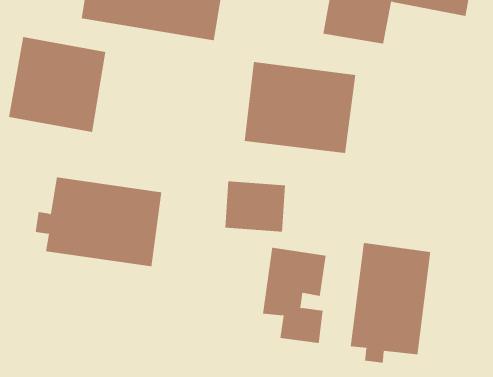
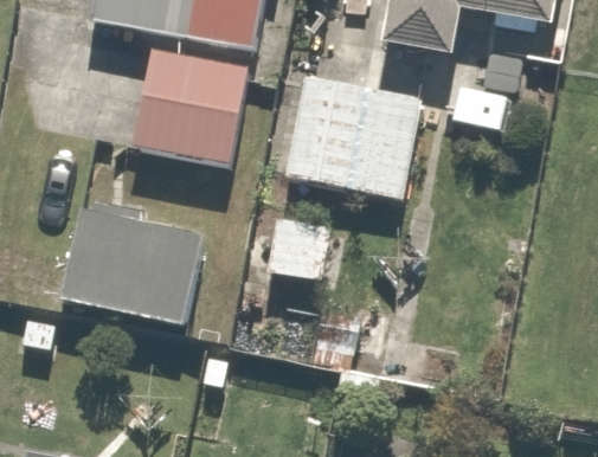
building: [8,36,106,132] -> [133,47,246,159]
building: [350,242,431,364] -> none

